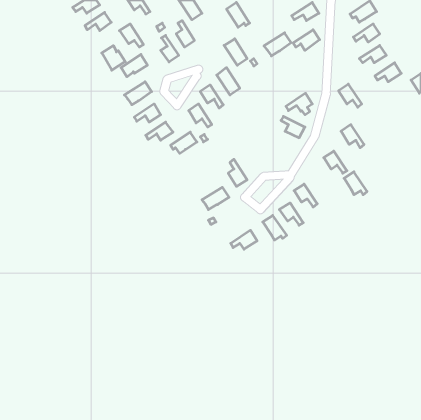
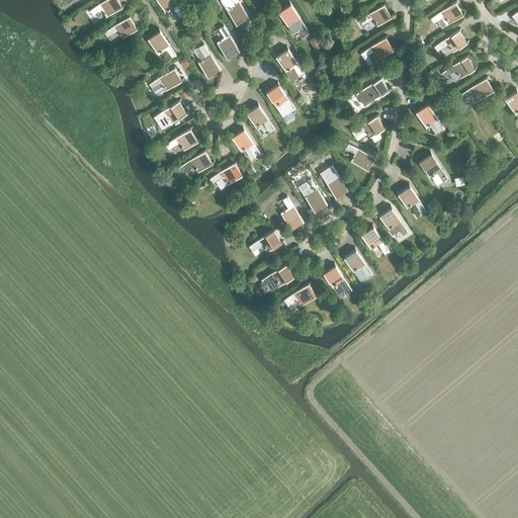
building: [264,33,291,56] -> [355,79,388,107]
building: [102,46,125,70] -> none
building: none -> [320,166,348,198]
building: none -> [298,180,327,212]
building: [344,172,367,195] -> [379,208,408,237]
building: none -> [261,265,293,292]

